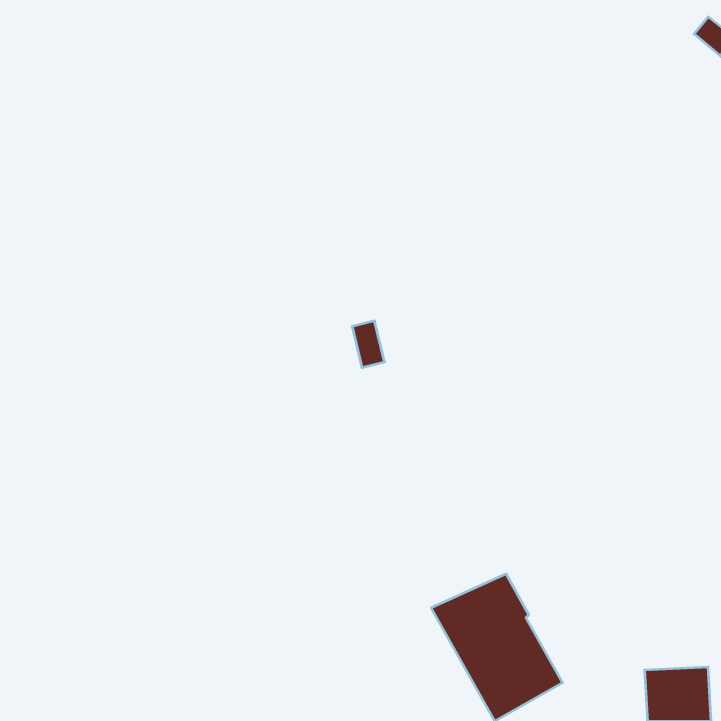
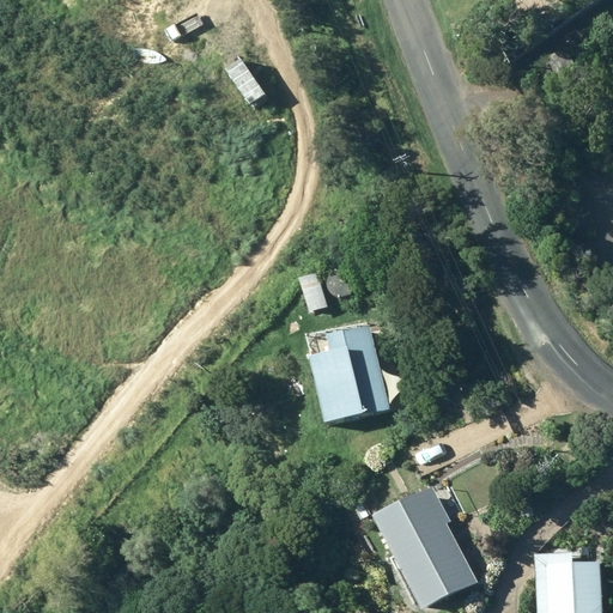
building: none -> [306,324,388,421]

